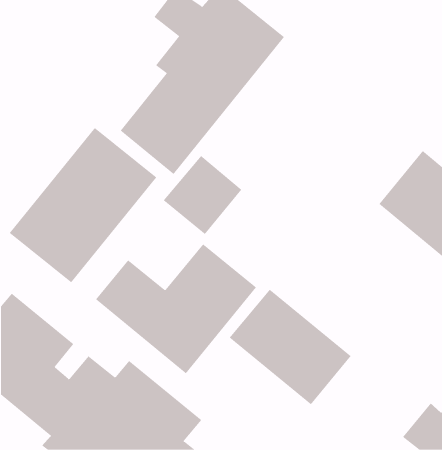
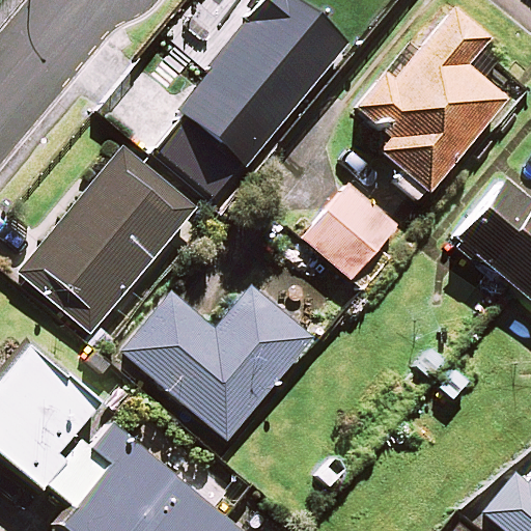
building: none -> [359,6,505,194]
building: [163,155,242,235] -> [304,186,397,279]
building: [229,289,351,405] -> none

